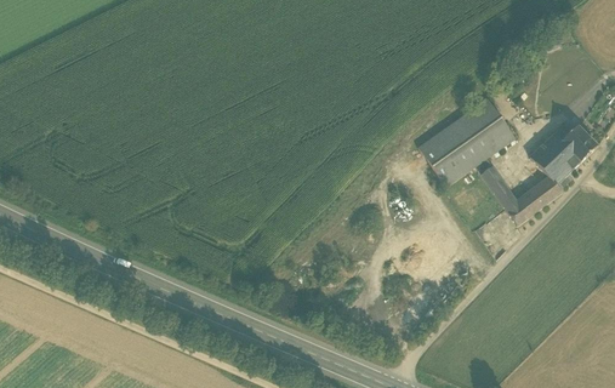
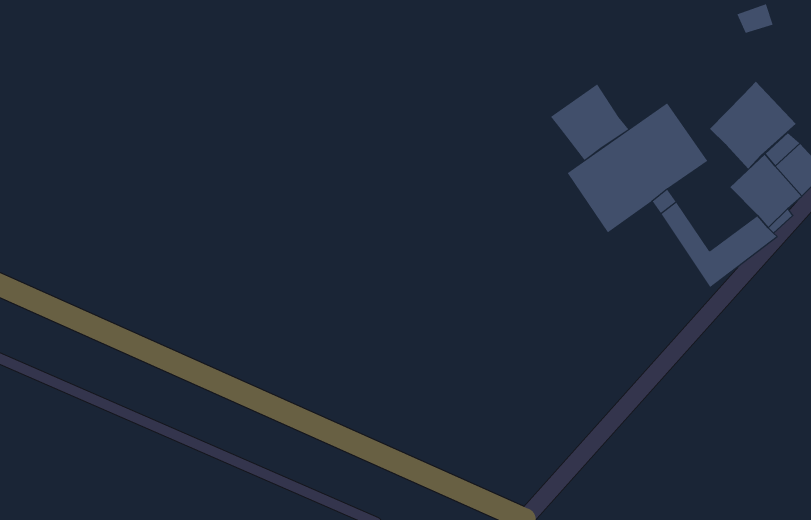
building: none -> [709,81,797,170]
building: none -> [550,84,629,161]

